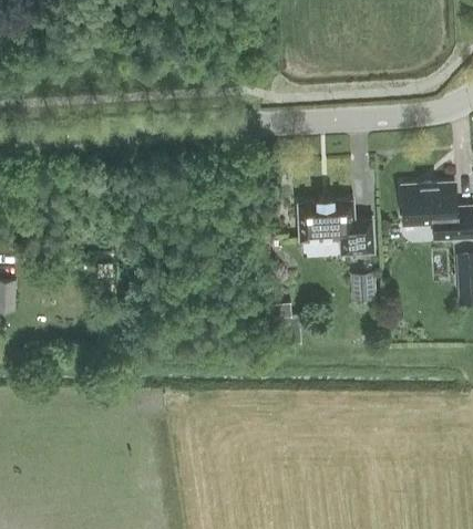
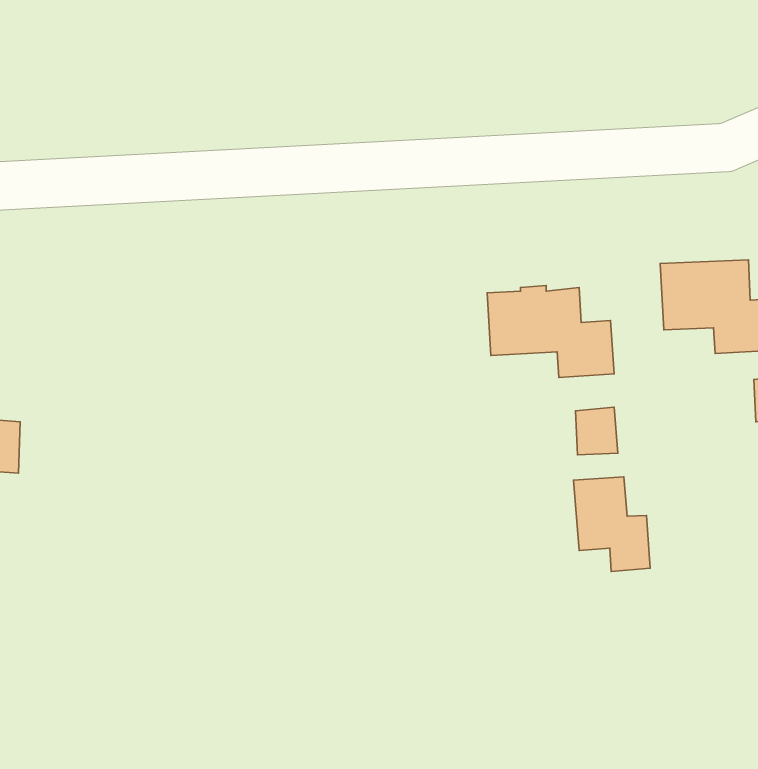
building: none -> [574,477,650,572]

